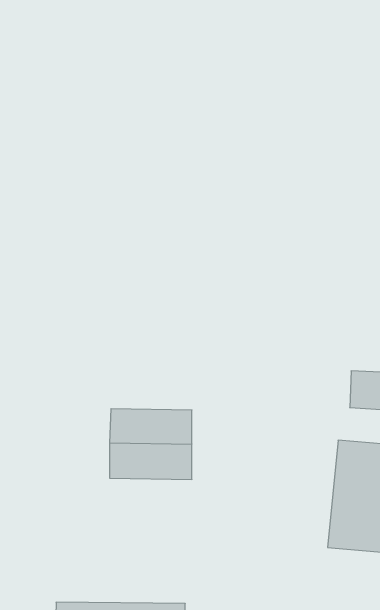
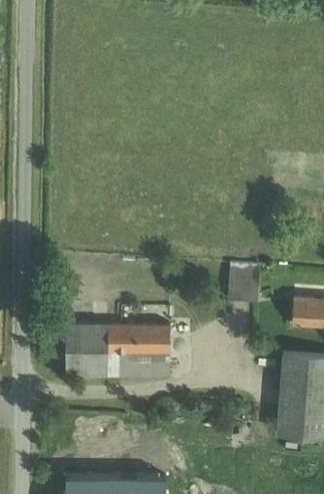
building: none -> [228,265,260,302]
building: none -> [65,325,107,378]

